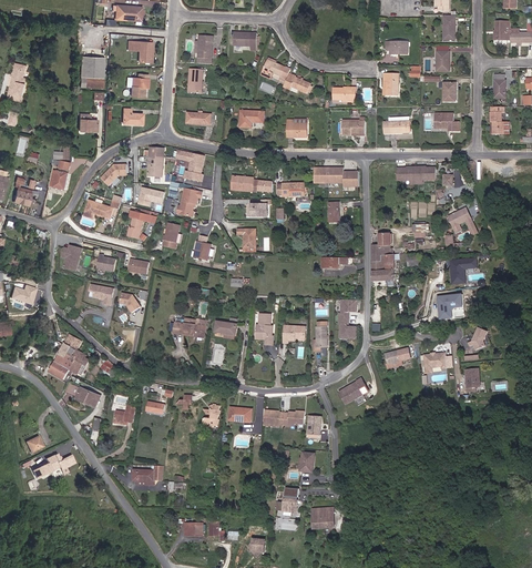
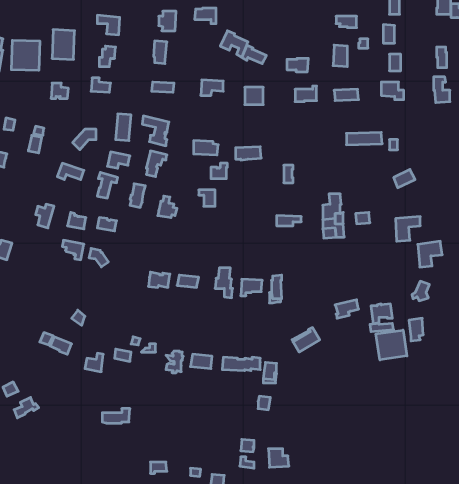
building: none -> [11,40,40,70]
building: [314,168,357,185] -> none
building: [436,292,462,320] -> [418,241,442,267]
building: [338,300,357,337] -> none
building: [48,334,91,378] -> none
building: none -> [376,330,407,360]

